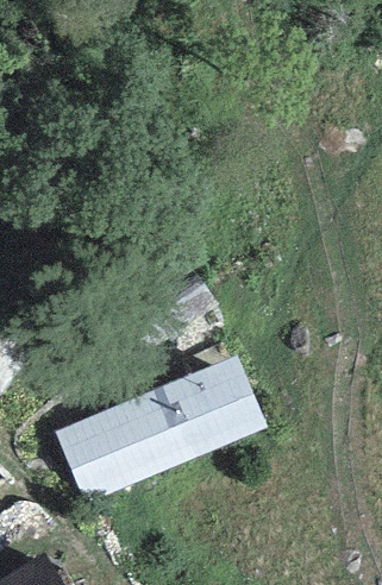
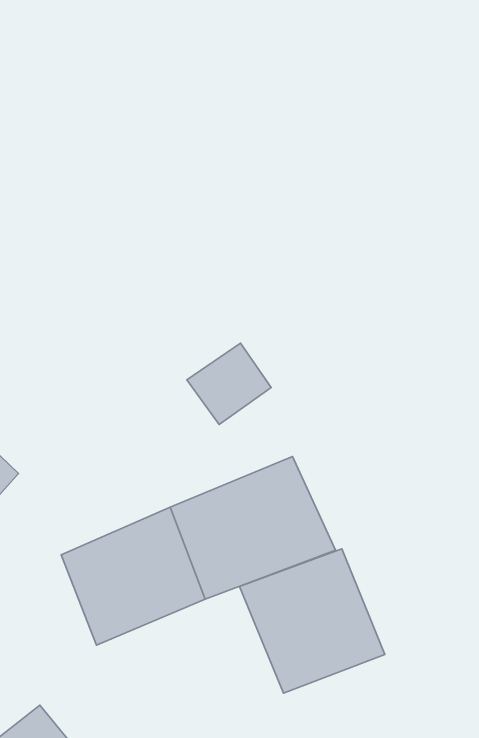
building: none -> [239,549,385,693]

